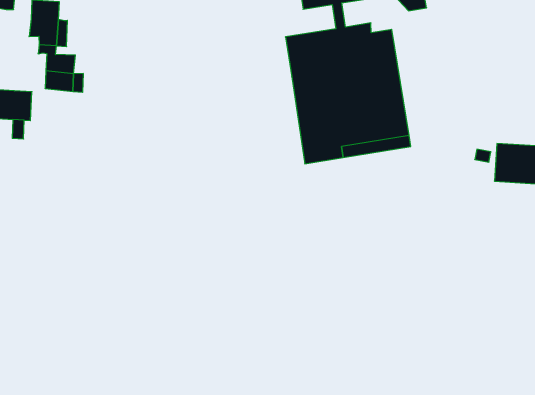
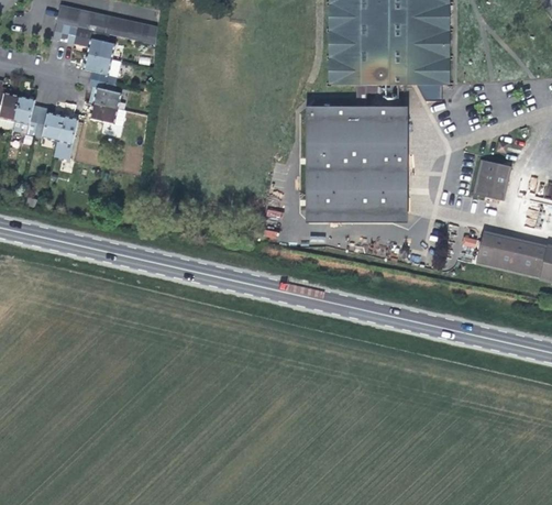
building: none -> [473,158,511,200]

